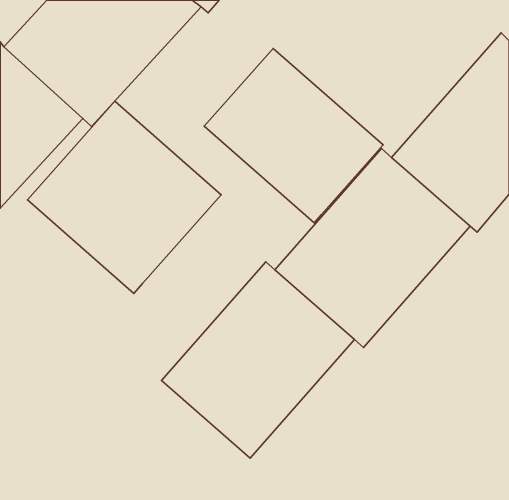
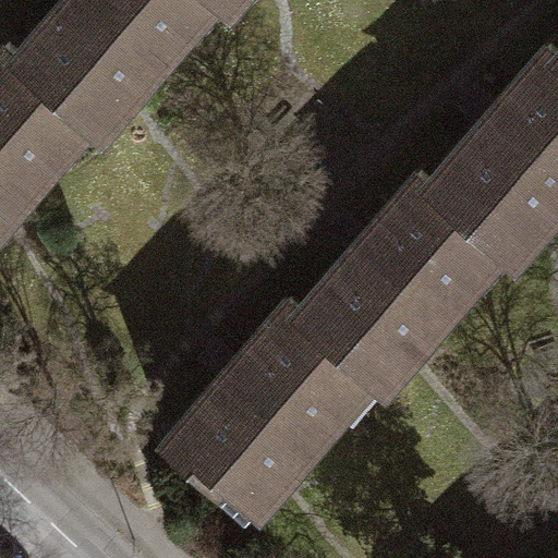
building: [204,49,383,223] -> none
building: [27,101,221,294] -> none

